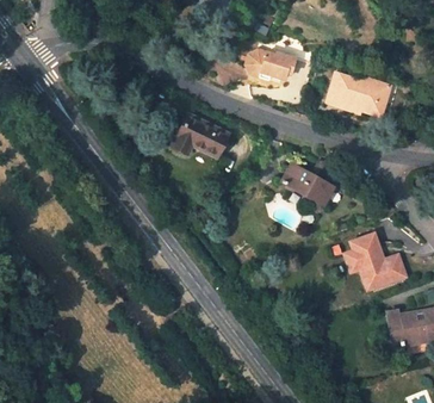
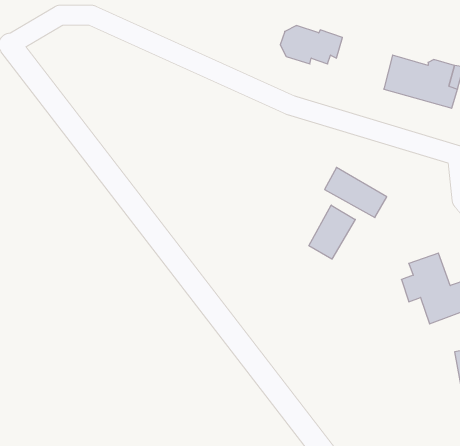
building: [170,114,227,157] -> none
building: none -> [309,205,355,259]

